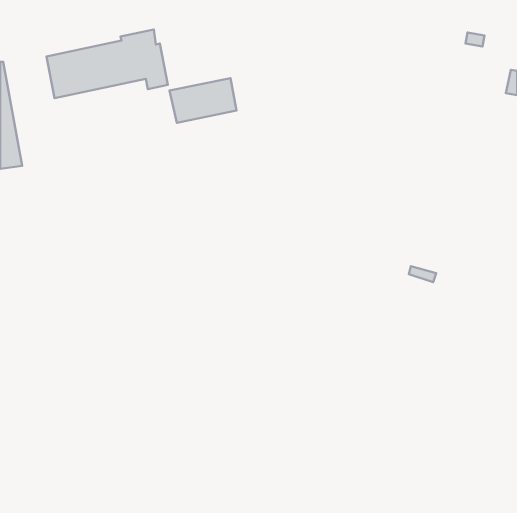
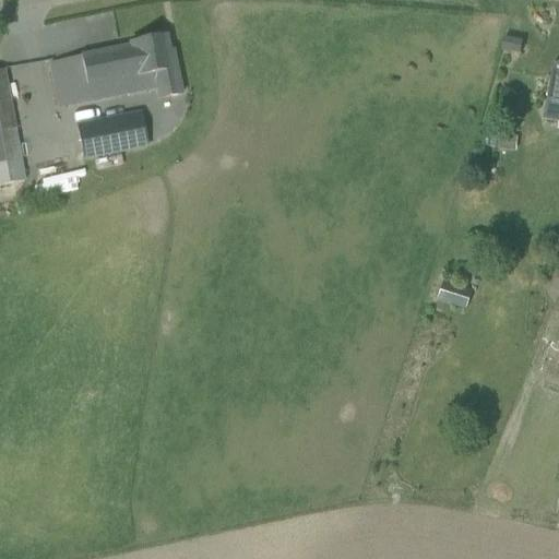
building: [170,78,236,123] -> [76,109,148,157]

